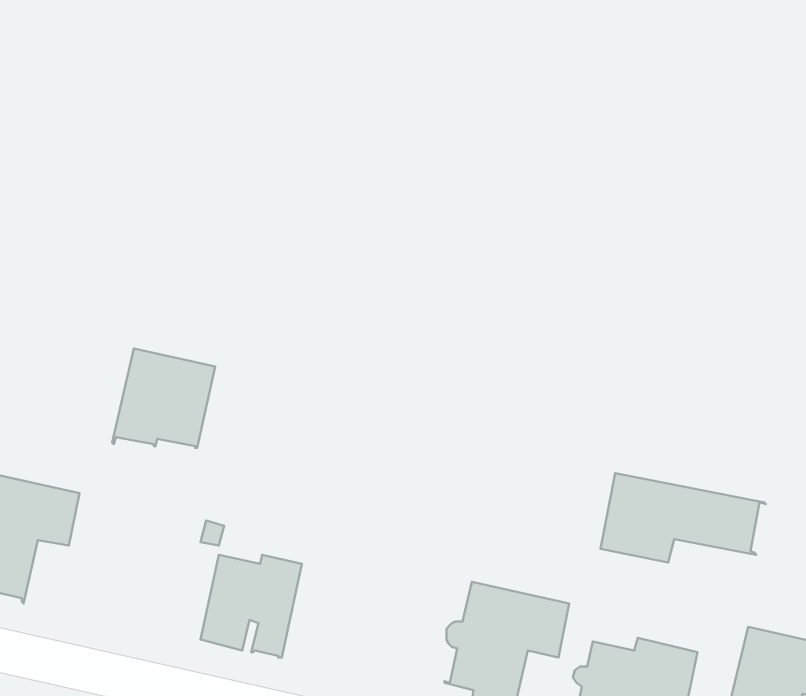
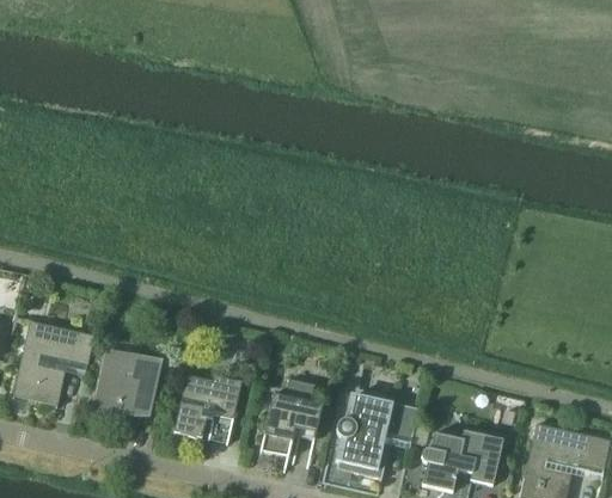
building: [112,349,215,448] -> [91,350,159,416]
building: [601,473,766,563] -> none
building: none -> [259,377,322,457]

